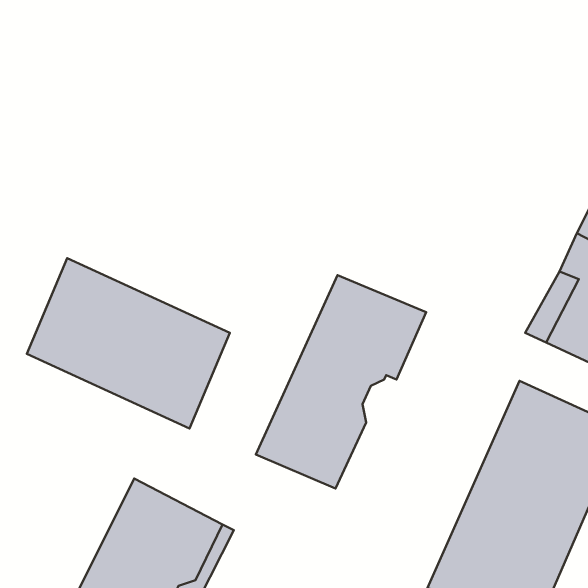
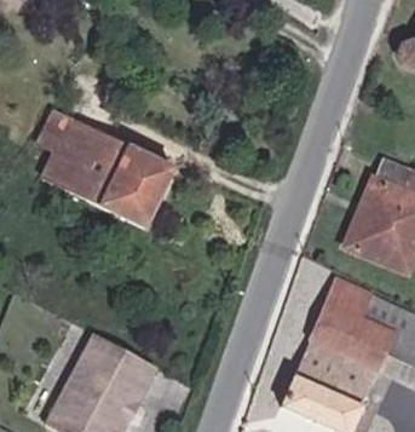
building: [27,258,230,429] -> [46,119,174,226]
building: [256,275,426,489] -> none

